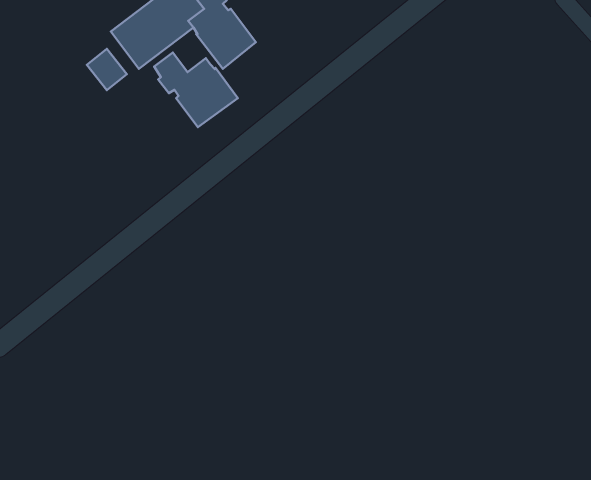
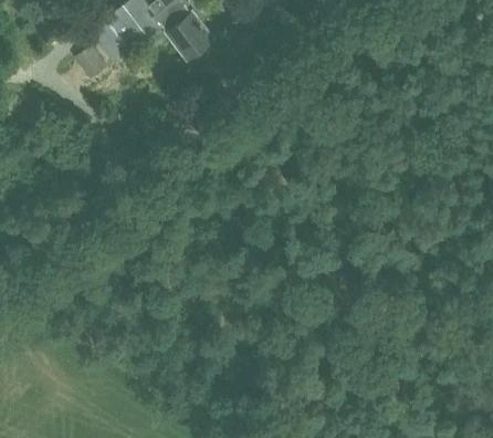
building: [154,53,238,127] -> none

